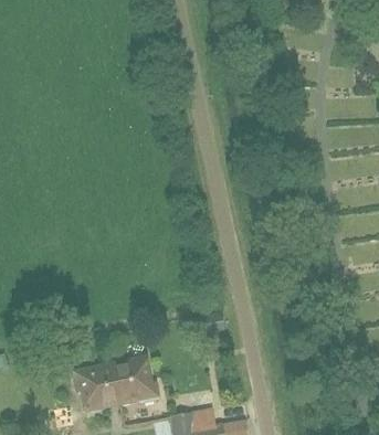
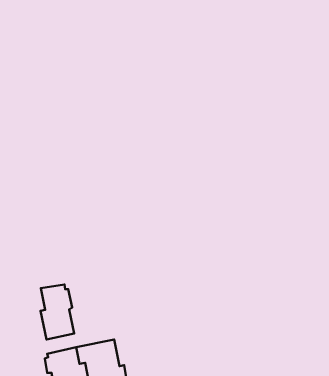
building: none -> [41,285,74,340]

